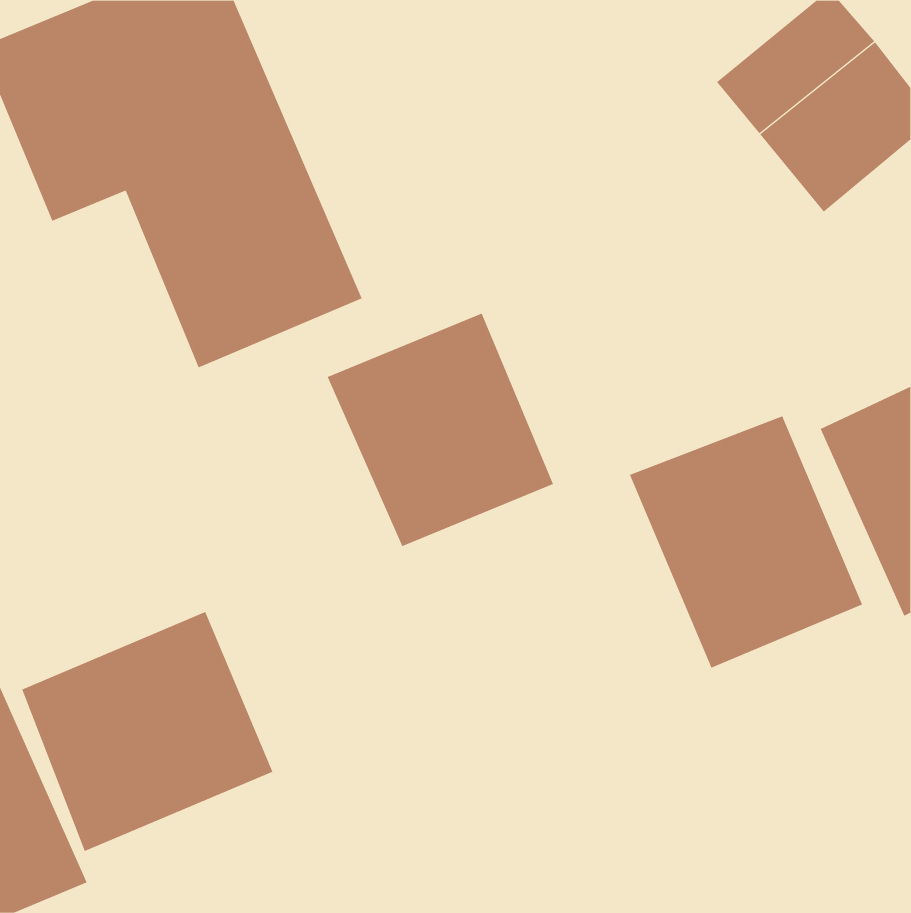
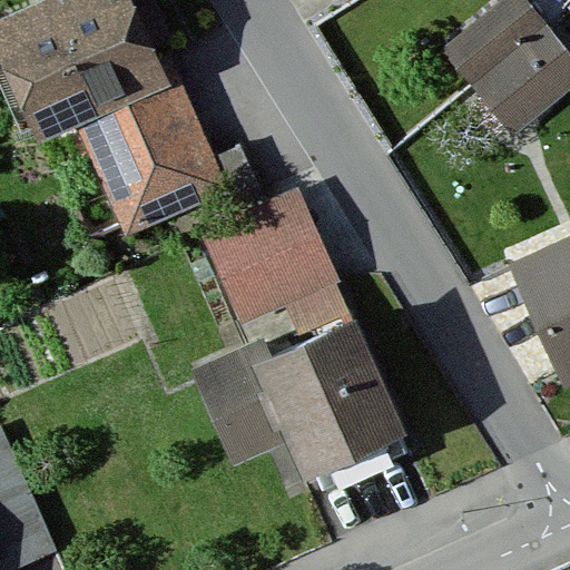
building: [629,416,863,668] -> none
building: none -> [195,302,402,482]
building: [21,611,273,852] -> none

